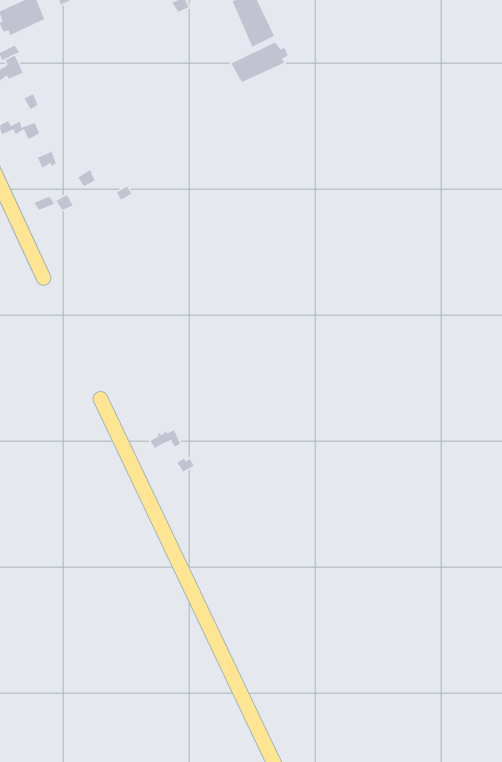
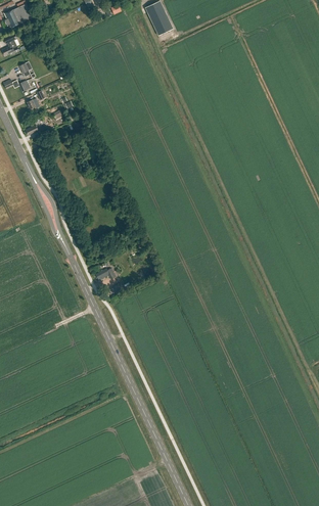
building: [230,41,289,83] -> none

